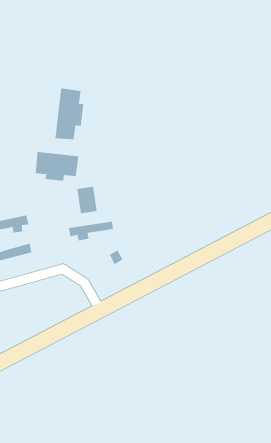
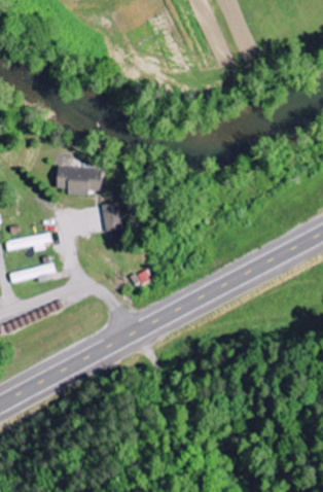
building: [55,87,84,140] -> none
building: [69,221,113,241] -> none

